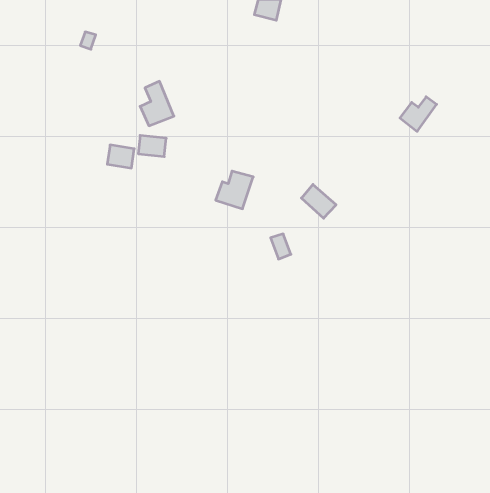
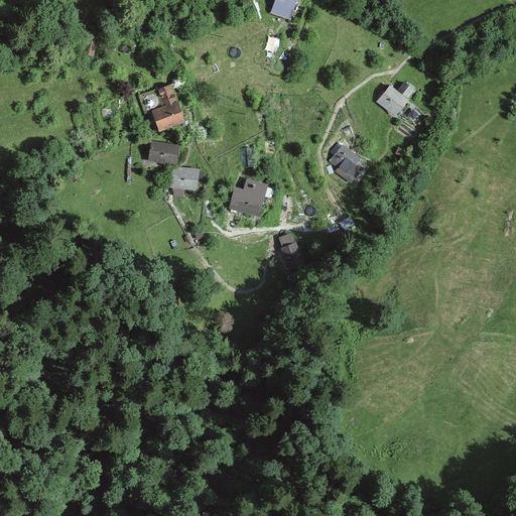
building: [400,97,437,131] -> [379,81,417,117]
building: [107,145,134,168] -> [169,166,198,190]
building: [301,184,336,218] -> [332,147,368,182]

